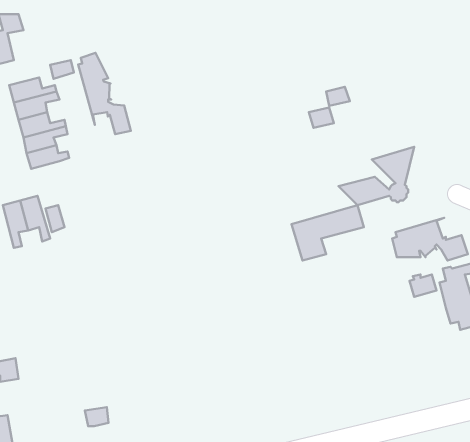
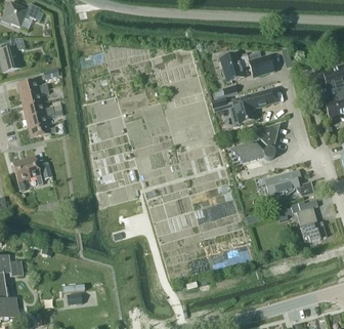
building: none -> [219,51,274,81]
building: [78,53,131,134] -> none
building: [291,205,364,260] -> [231,87,278,123]

